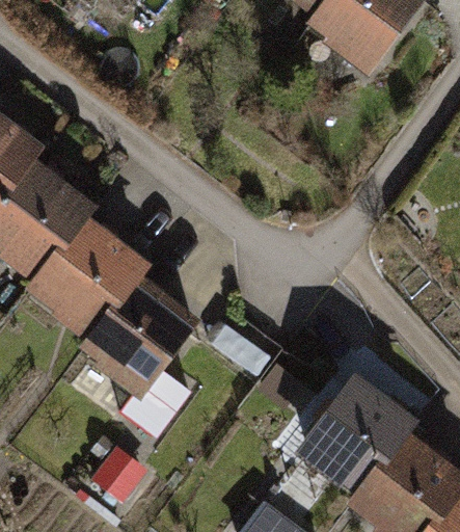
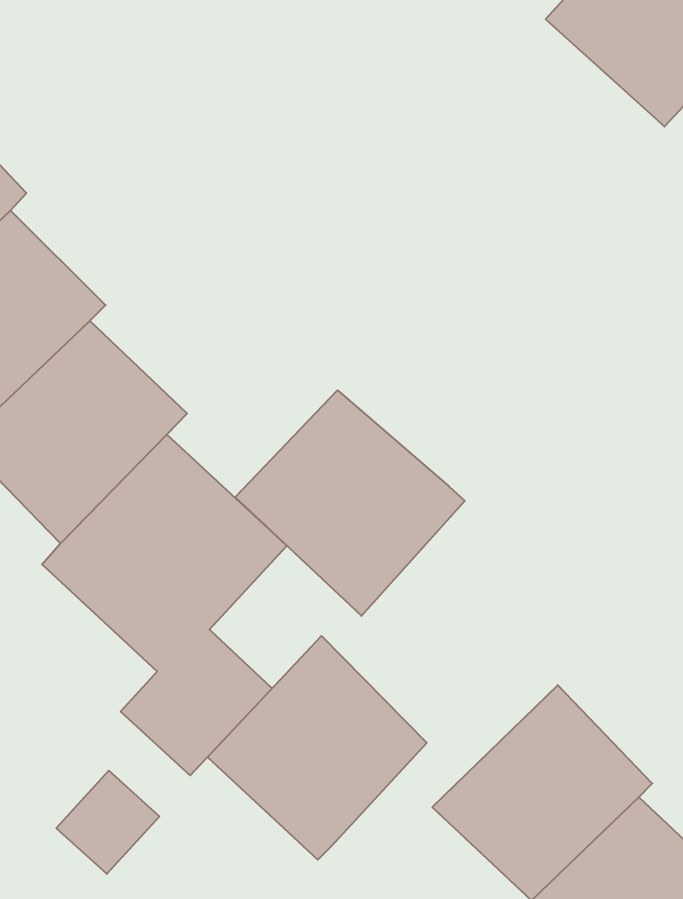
building: none -> [235,390,465,616]
building: none -> [207,636,427,860]

